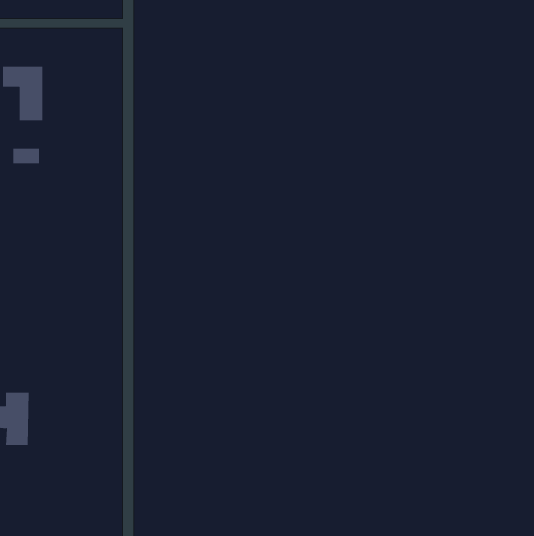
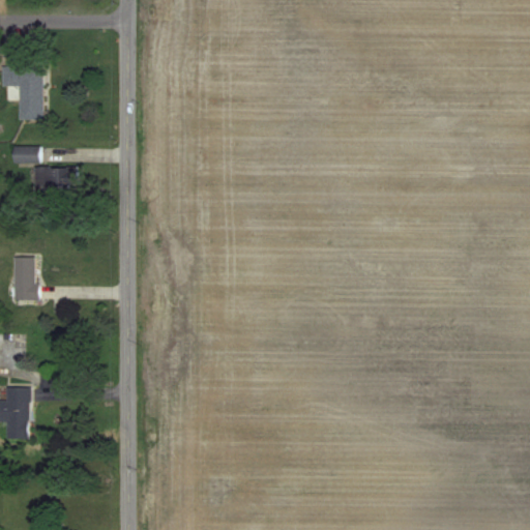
building: none -> [35,169,77,189]
building: none -> [13,257,36,301]

